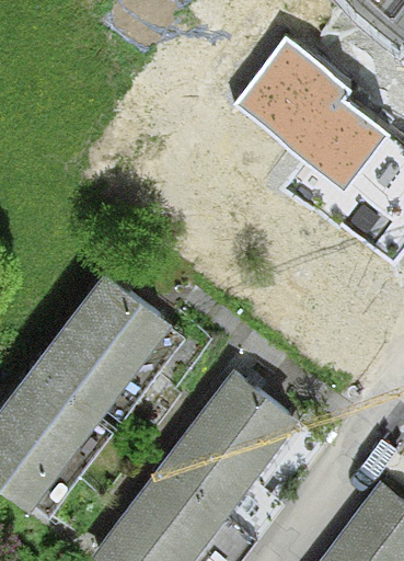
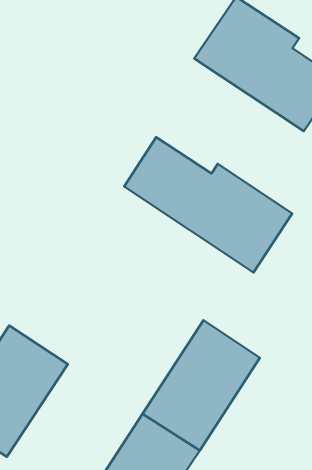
building: none -> [124,137,292,272]
building: [35,275,161,409] -> none

